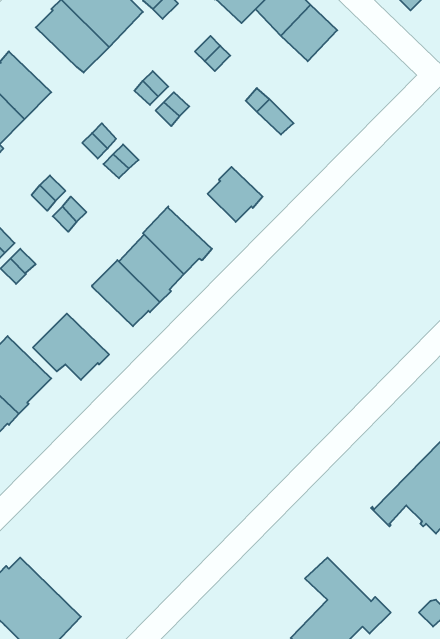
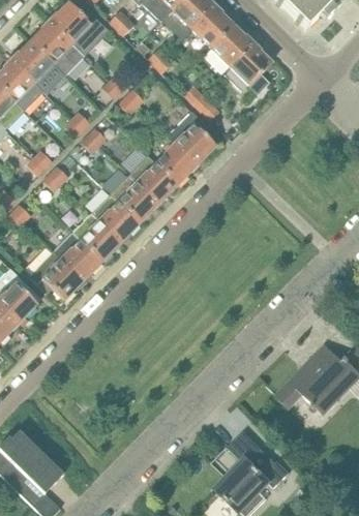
building: none -> [10,41,65,94]
building: none -> [230,43,271,93]
building: none -> [167,111,215,165]
building: none -> [127,154,177,204]
building: none -> [53,232,101,281]

